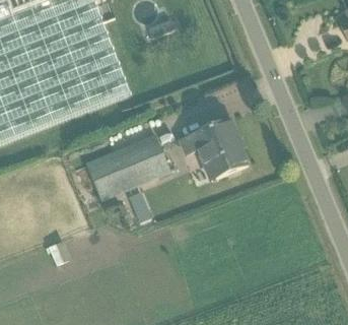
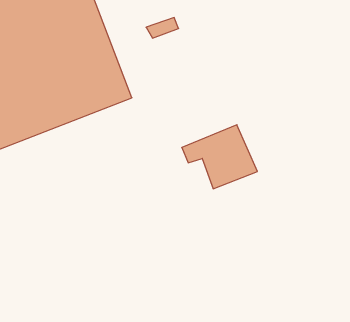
building: [85,131,171,200] -> none

